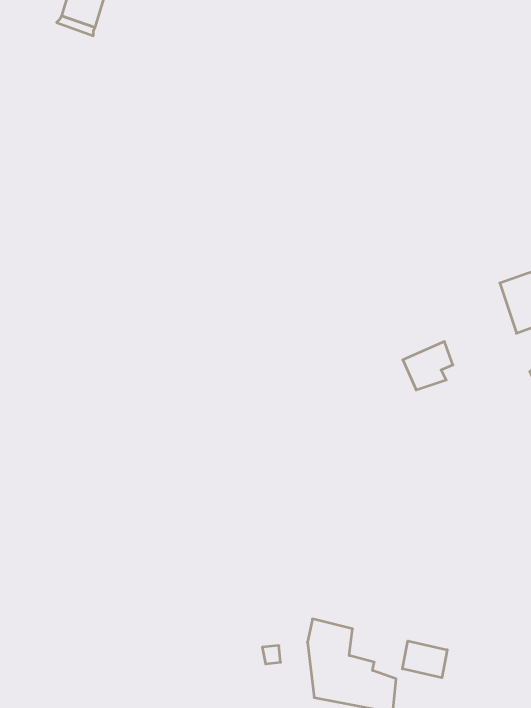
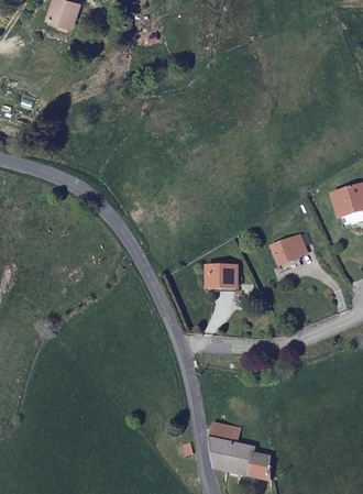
building: none -> [211,266,240,285]
building: [402,641,447,678] -> none

